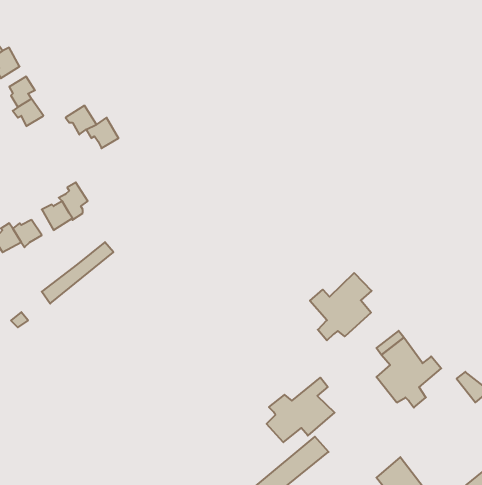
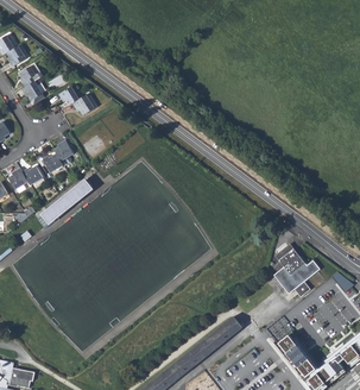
building: [310,273,372,340] -> none
building: [267,378,335,442] -> none

